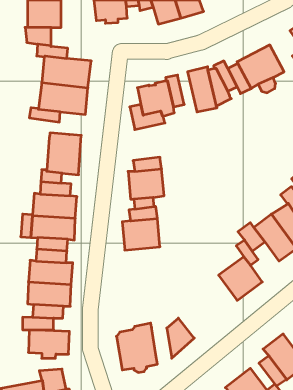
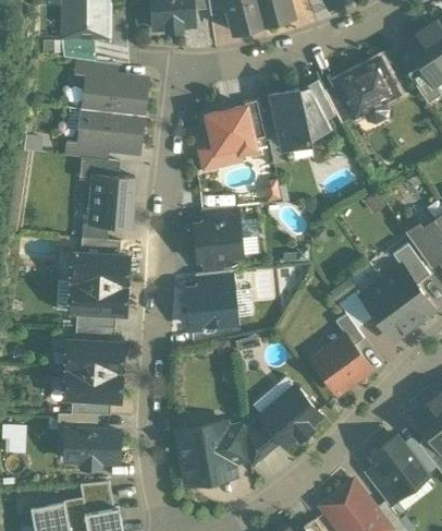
building: none -> [79,157,120,181]
building: none -> [260,386,320,446]
building: none -> [225,424,250,463]

